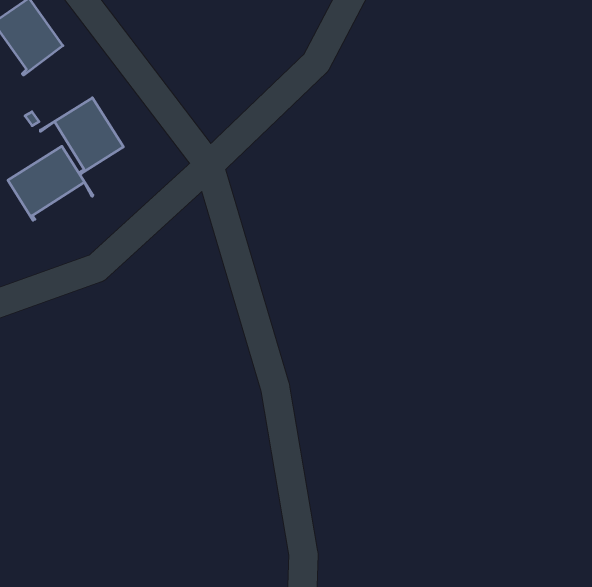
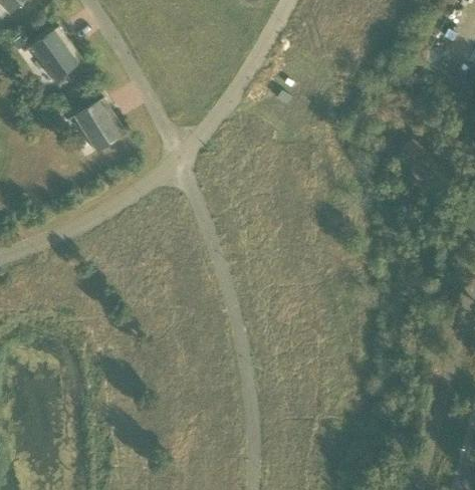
building: [8,146,93,220] -> none

